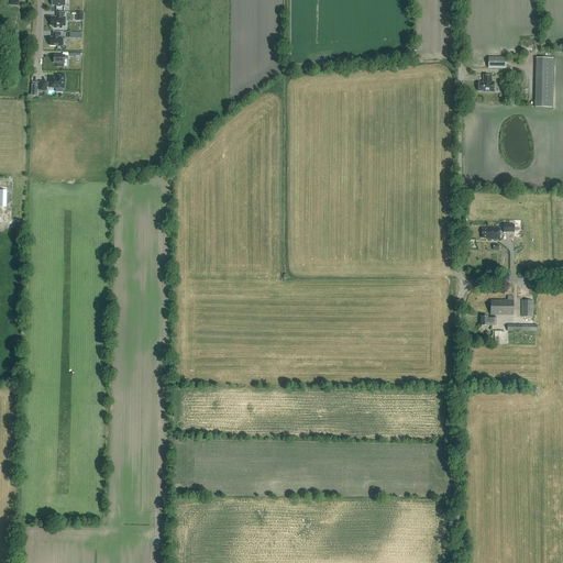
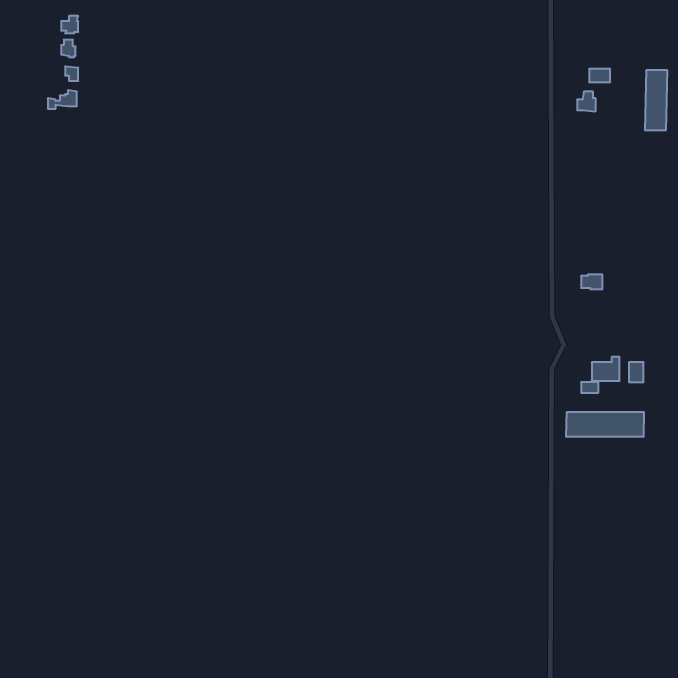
building: none -> [566,412,644,437]

